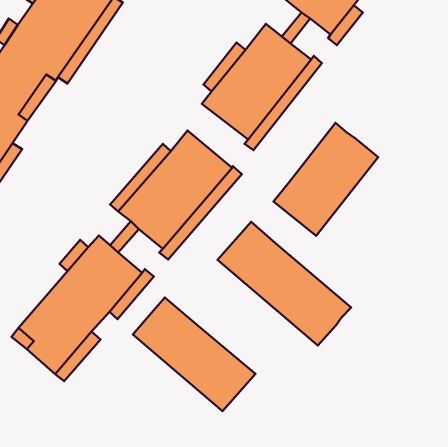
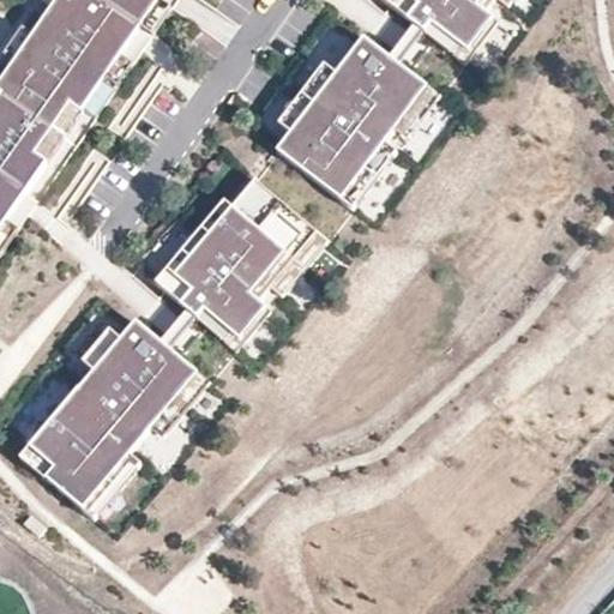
building: [273,123,378,236] -> none
building: [218,222,351,345] -> none
building: [133,297,255,411] -> none

